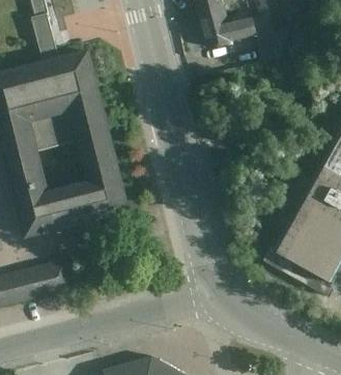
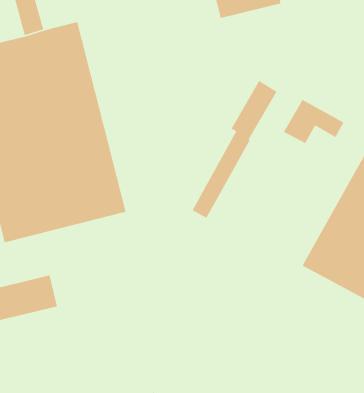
building: none -> [191,80,278,219]
building: none -> [283,99,344,144]

